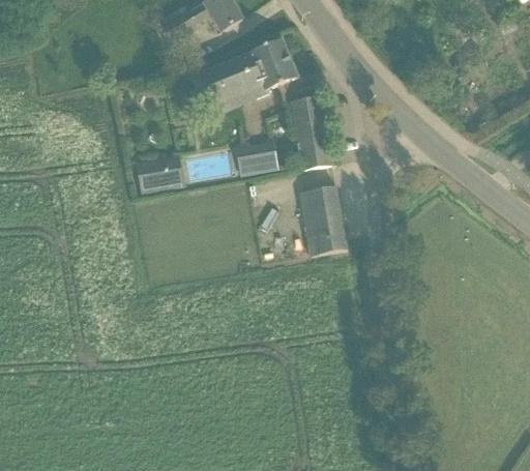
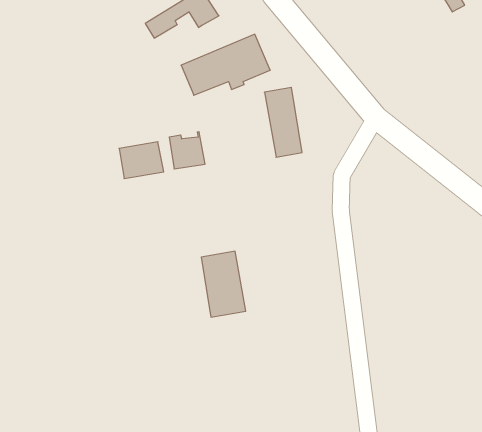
building: [235,136,273,175] -> [169,132,205,169]
building: [299,184,347,255] -> [201,251,246,317]

